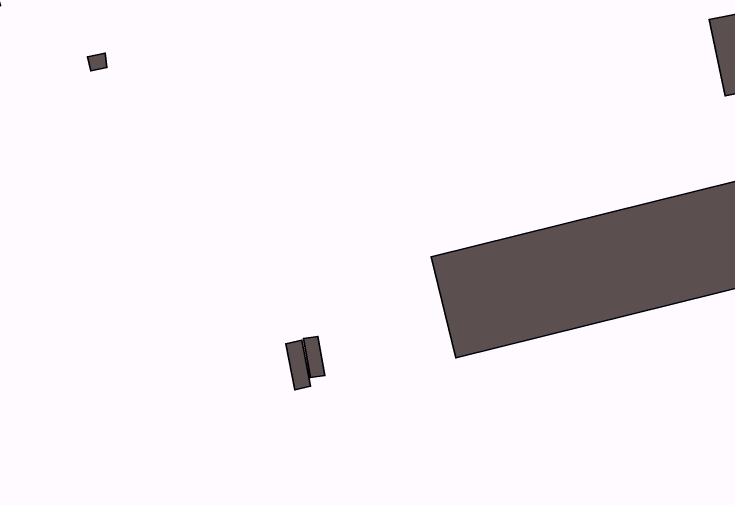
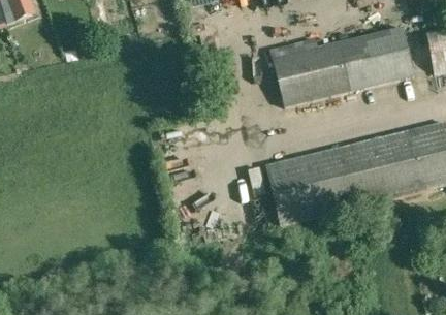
building: none -> [269,27,414,105]

